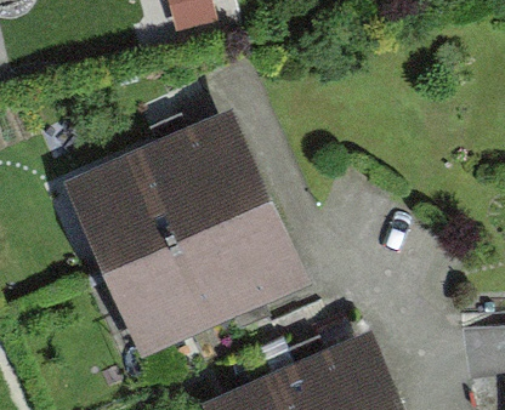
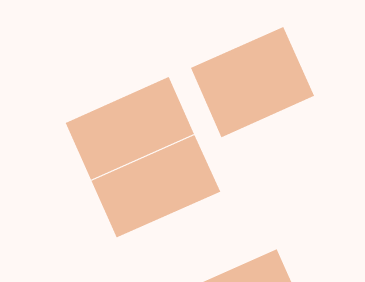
building: none -> [190,26,315,138]

